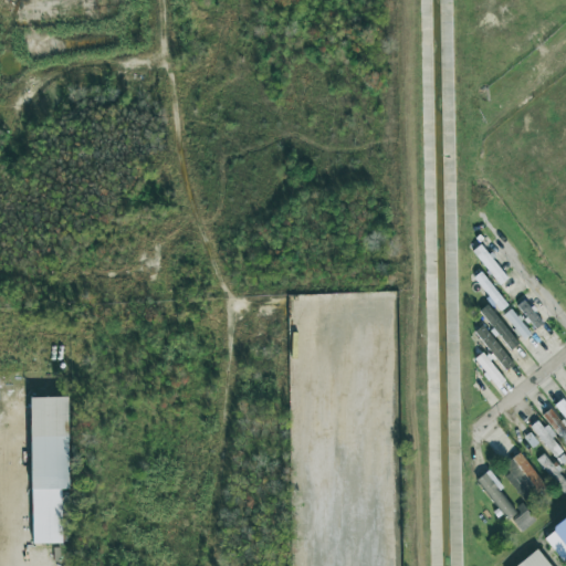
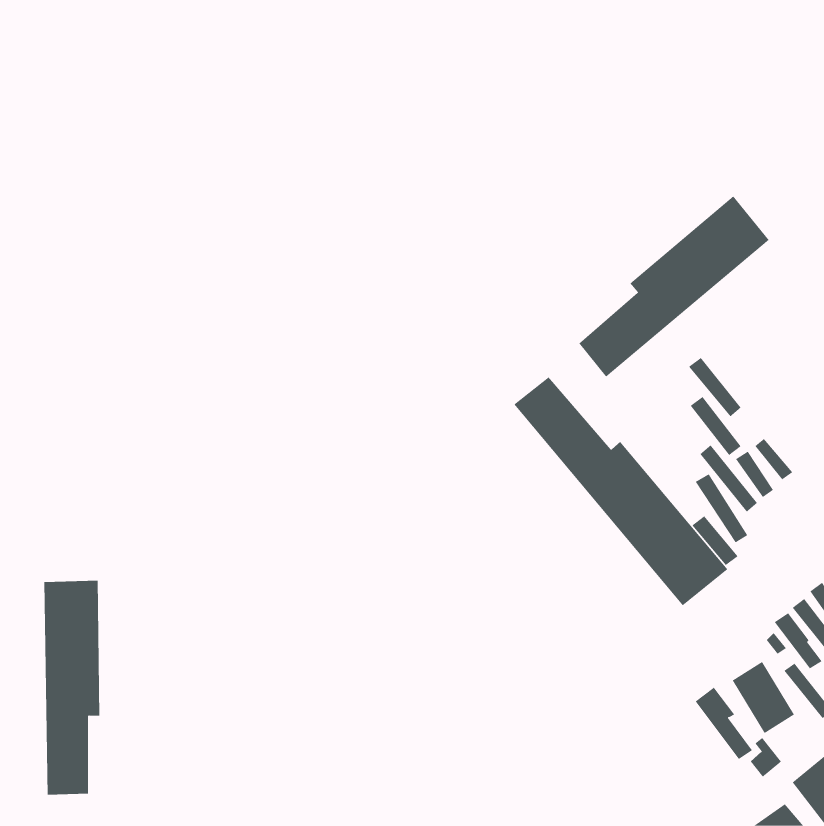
building: none -> [579,196,770,377]
building: none -> [514,376,728,606]

